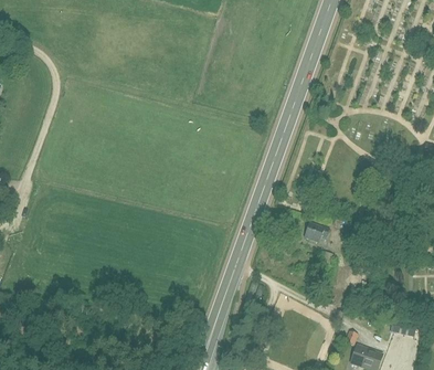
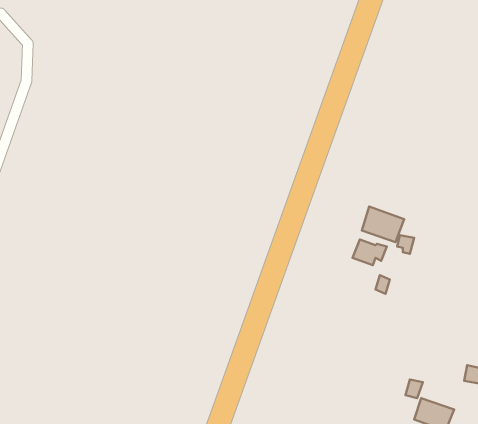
building: none -> [362,207,404,242]

